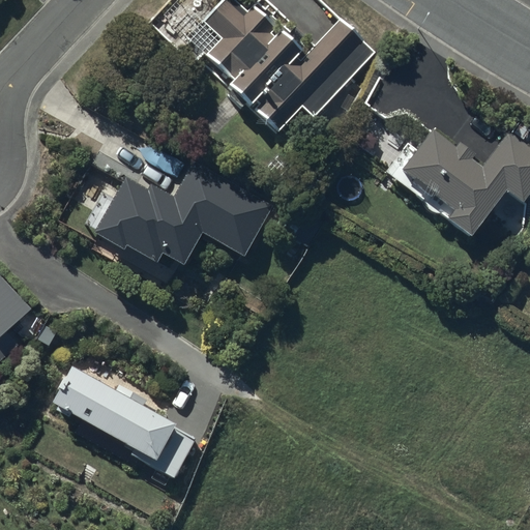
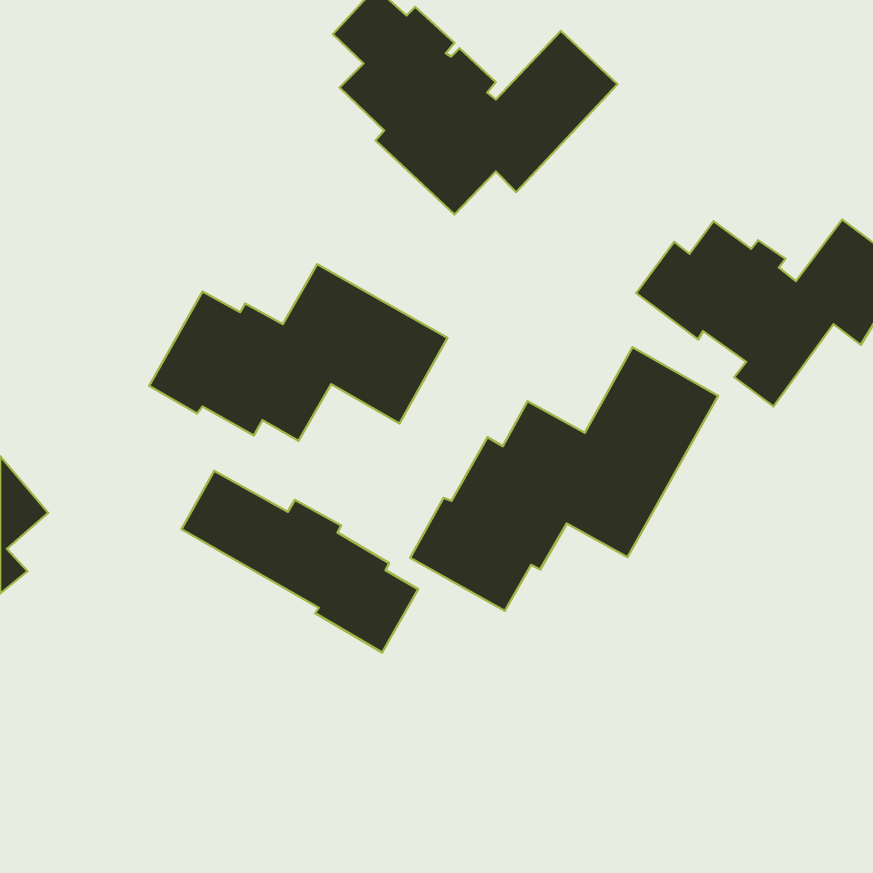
building: none -> [410,347,718,611]
building: [51,367,194,477] -> [182,471,418,653]

